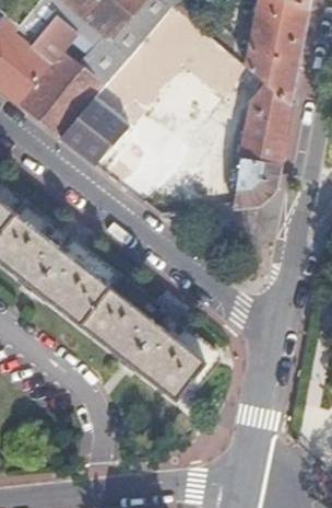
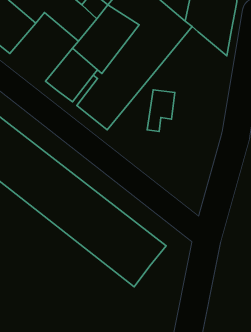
building: [19,55,105,141] -> none
building: [230,79,292,210] -> none

